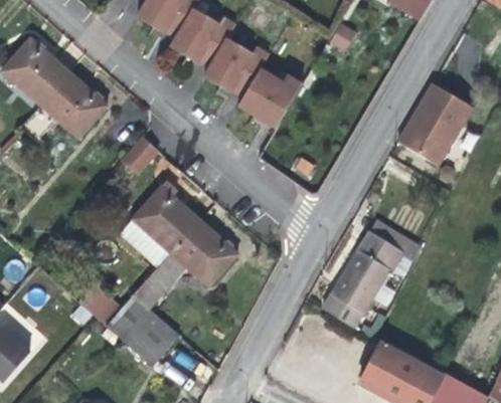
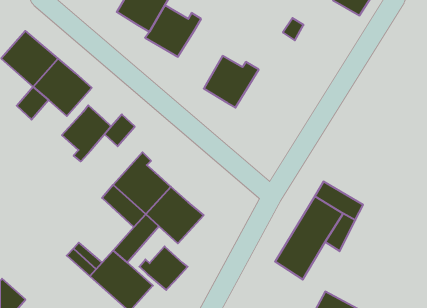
building: [204,38,270,98] -> none
building: [397,82,474,166] -> none
building: none -> [62,105,111,161]
building: none -> [139,246,188,290]

